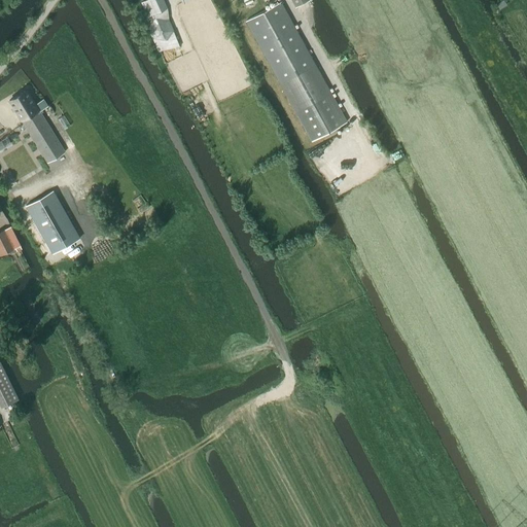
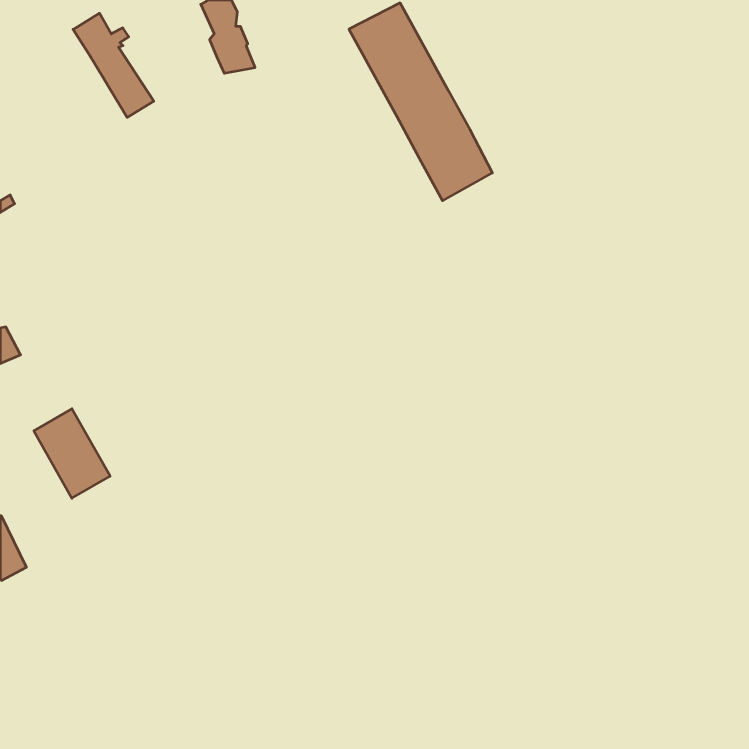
building: [8,90,65,163] -> [73,13,154,117]
building: [26,190,79,253] -> [34,409,110,498]

